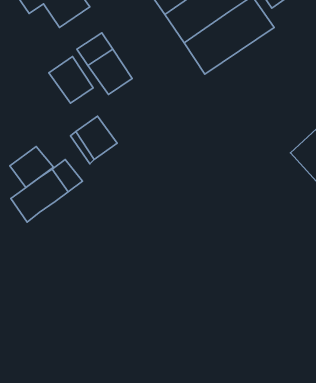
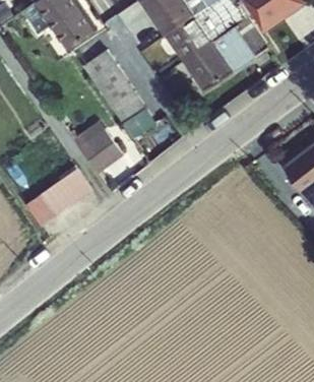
building: [49,56,93,103] -> [112,94,153,138]
building: [10,146,53,188] -> none

